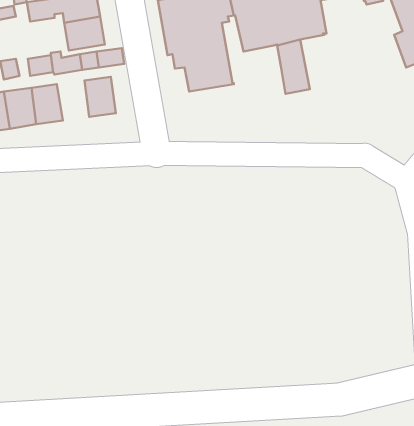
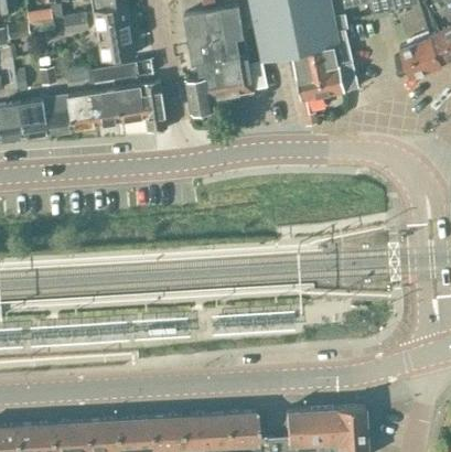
building: none -> [314,47,345,97]
building: none -> [185,77,215,117]
building: none -> [141,83,168,134]
building: none -> [92,89,121,126]

